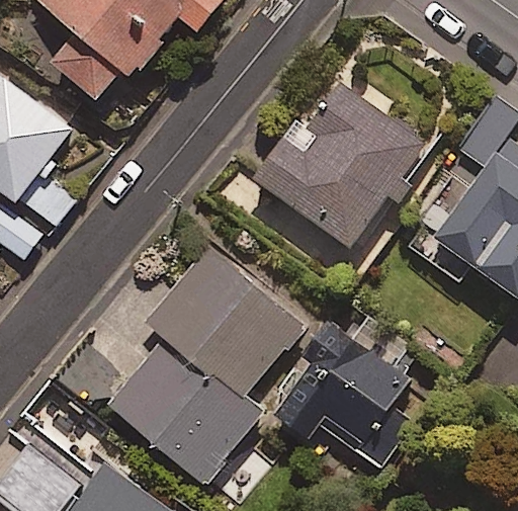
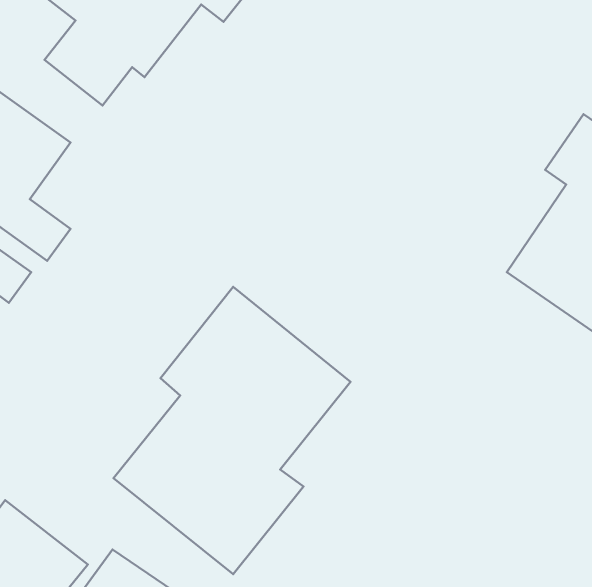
building: [256,79,426,246] -> none
building: [274,327,409,467] -> none

